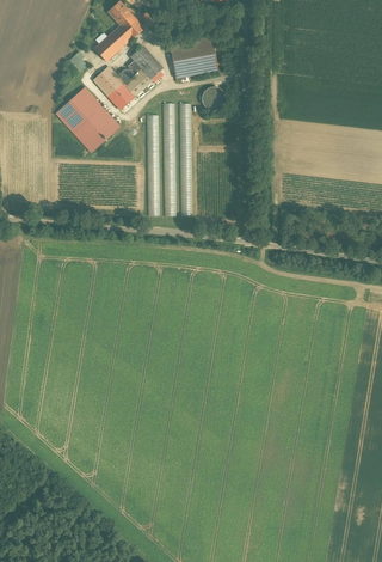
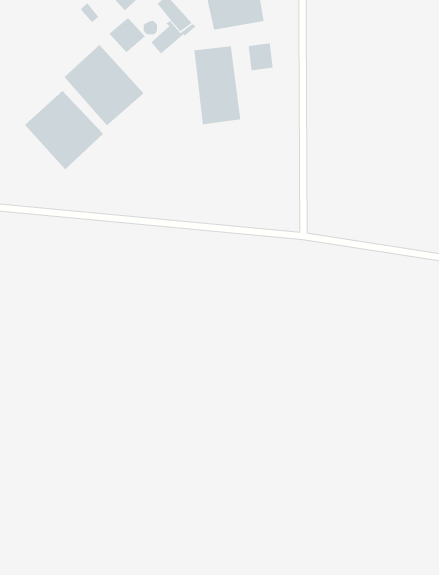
building: none -> [193,46,241,125]
building: none -> [24,90,104,170]

